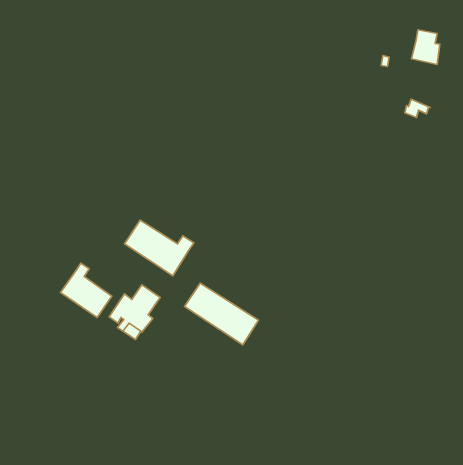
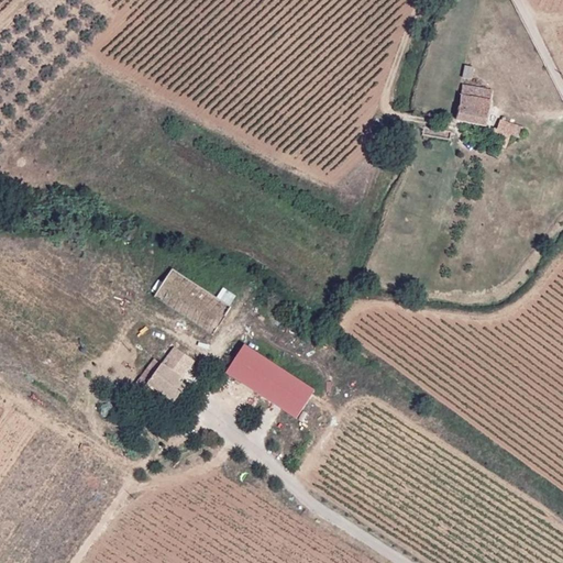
building: [412,30,440,64] -> [454,86,488,128]
building: [60,263,112,318] -> none

